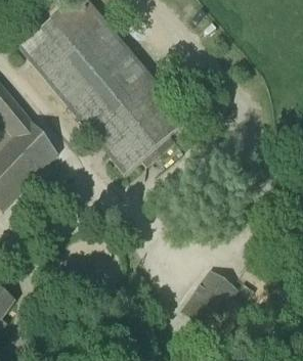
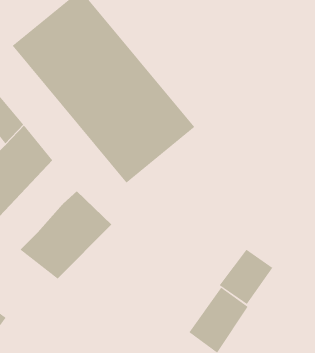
building: none -> [20,190,112,280]
building: none -> [219,249,273,305]

